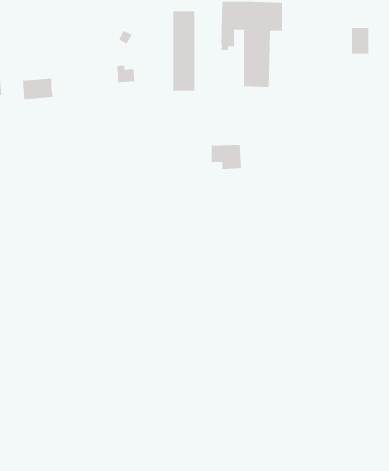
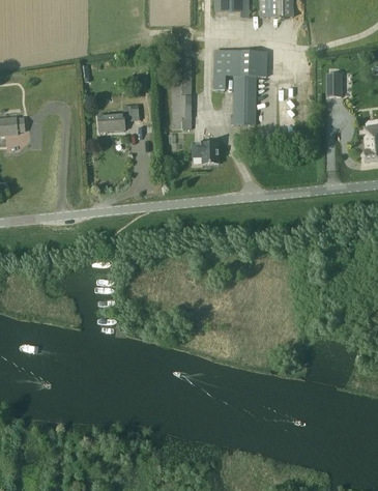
building: [22,78,53,100] -> [98,112,125,131]
building: [211,144,242,170] -> [193,142,220,164]

